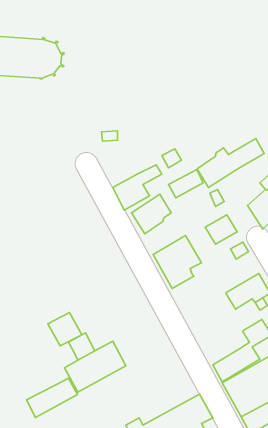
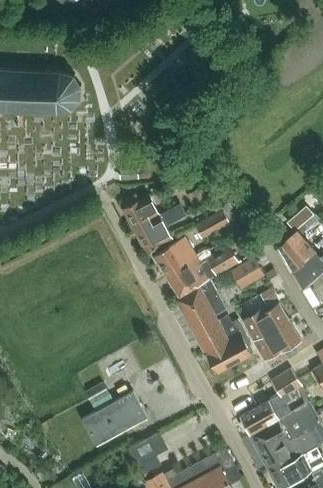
building: [197,139,264,188] -> [167,246,238,298]
building: none -> [122,196,159,229]
building: none -> [243,304,288,340]
building: none -> [196,315,251,373]
building: [48,312,82,346] -> none
building: [26,378,78,417] -> none
building: none -> [127,432,167,475]

